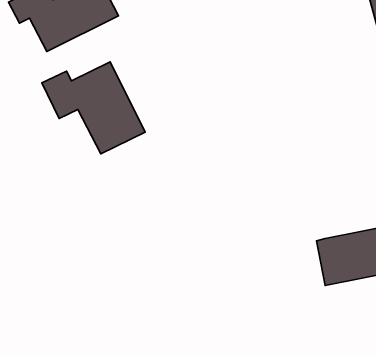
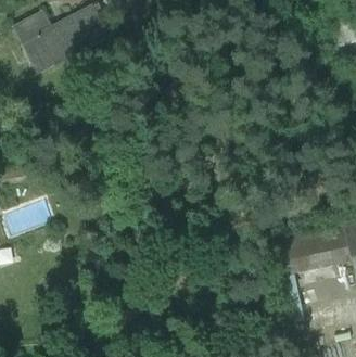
building: [42,62,145,154] -> none

